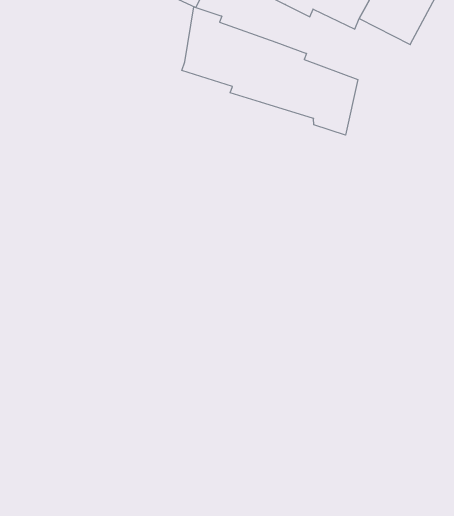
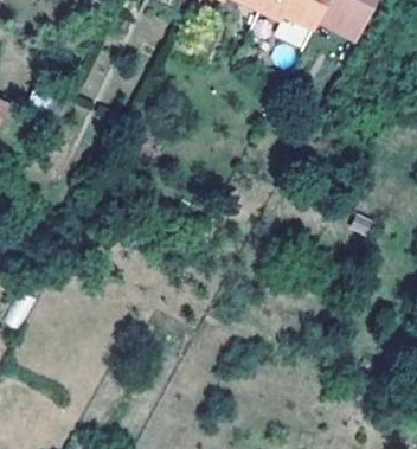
building: [182,7,358,135] -> none

